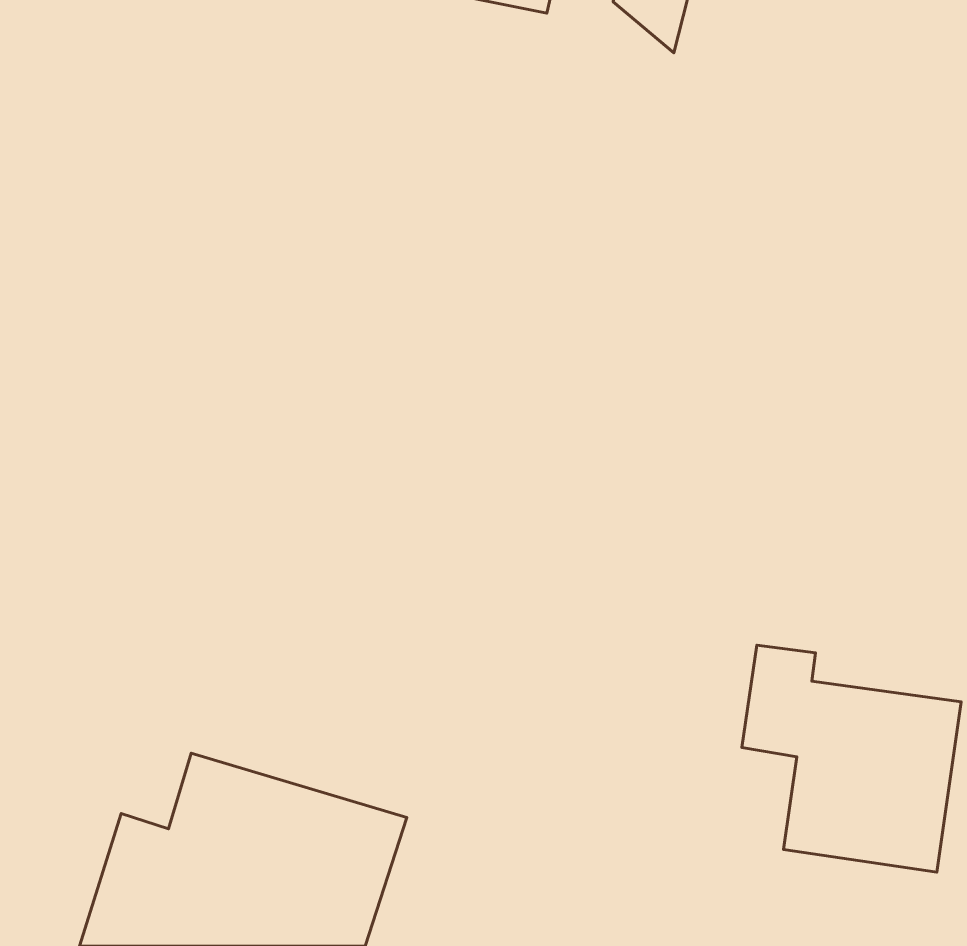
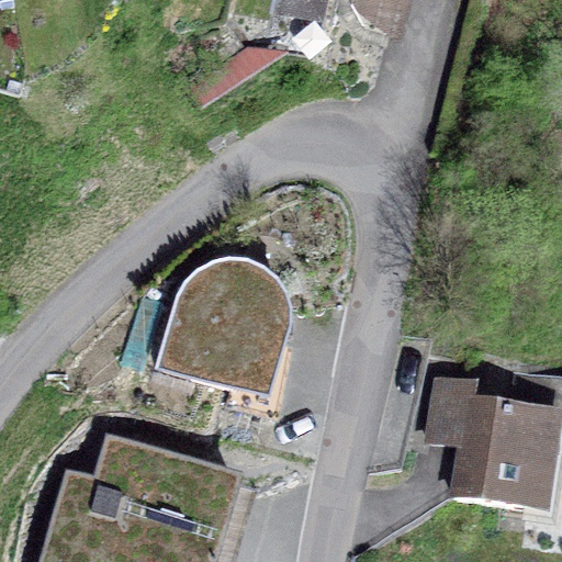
building: none -> [162,259,285,390]

